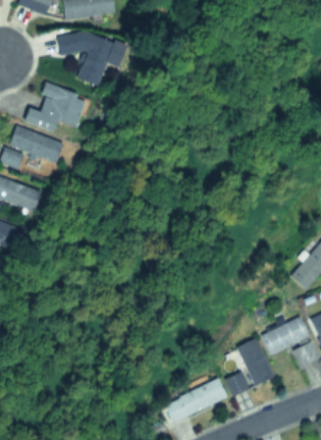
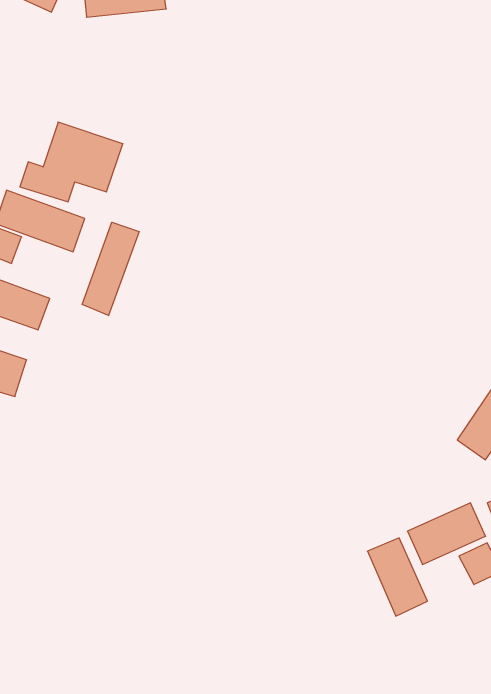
building: [57,28,113,87] -> none
building: none -> [82,222,139,316]
building: [224,371,250,395] -> none
building: [163,379,227,422] -> none

